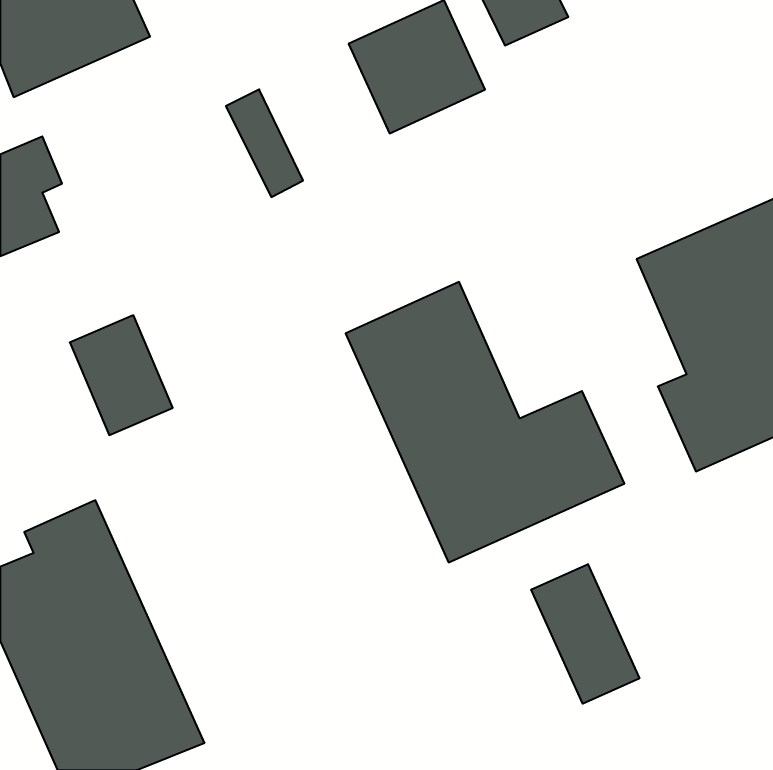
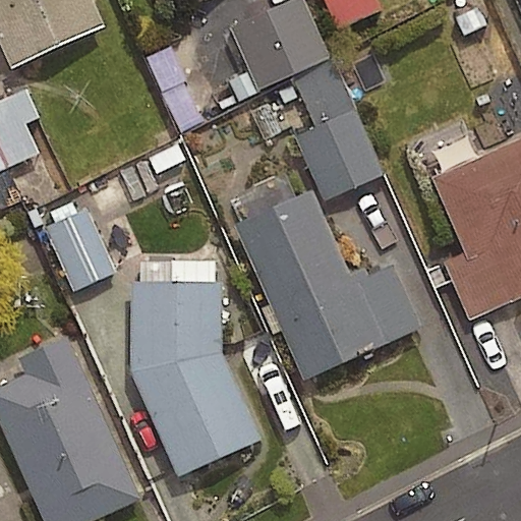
building: none -> [298,69,383,201]
building: none -> [127,279,259,475]
building: [531,564,639,704] -> none

